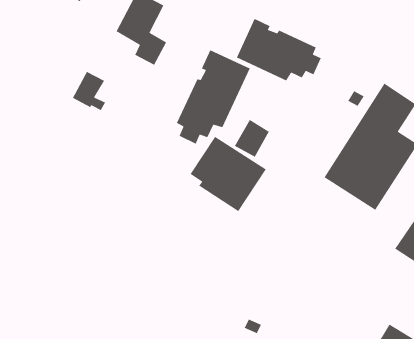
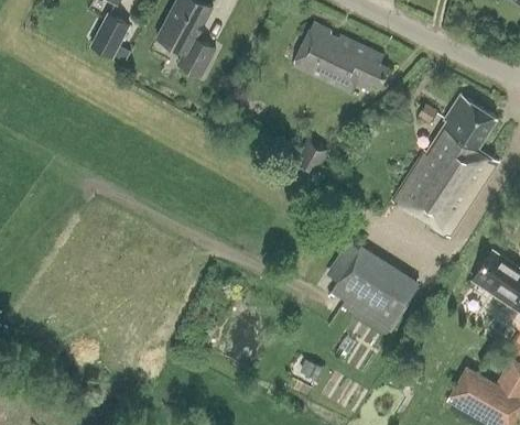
building: [176,49,251,145] -> none
building: [72,71,106,111] -> [91,14,130,59]
building: [190,136,267,212] -> [331,249,418,335]

